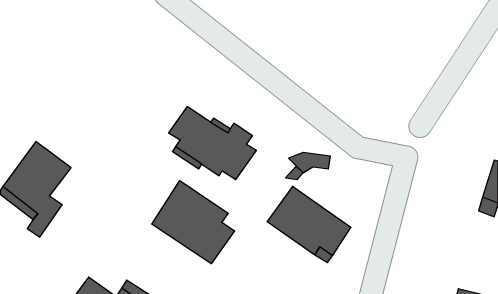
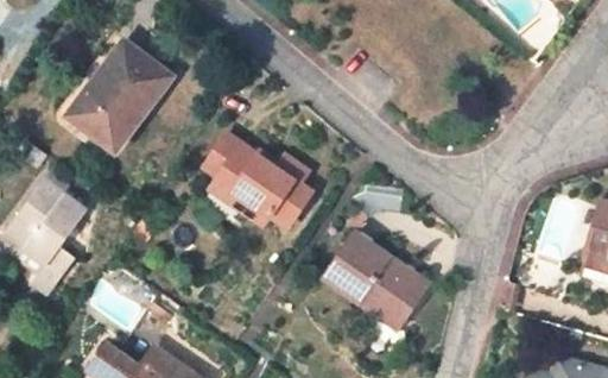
building: none -> [69,39,172,150]
building: [152,181,235,264] -> none

